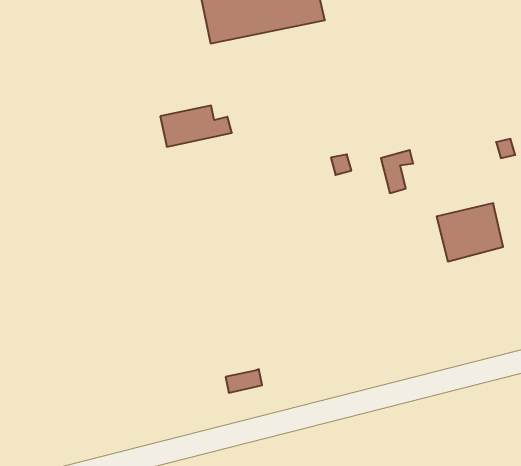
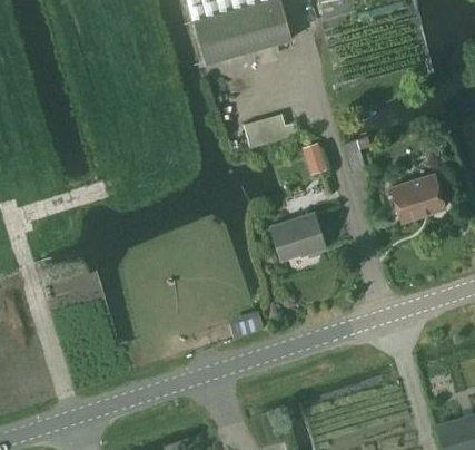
building: [160,106,232,147] -> [243,115,299,149]
building: none -> [270,213,324,261]

